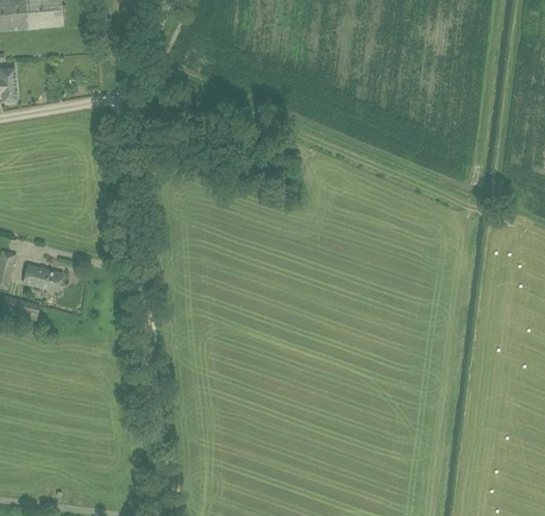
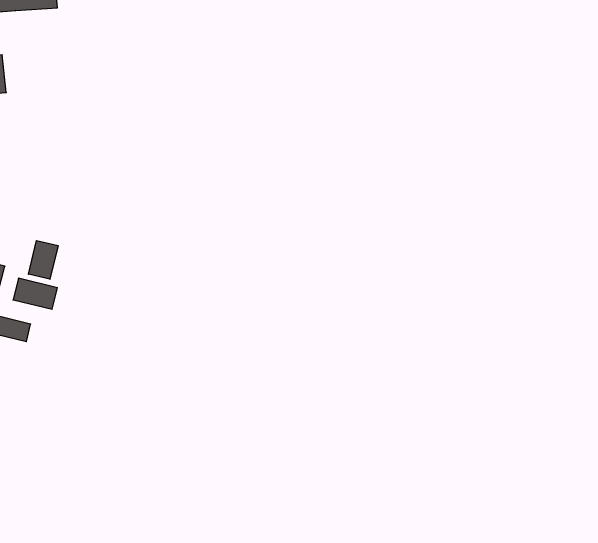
building: none -> [28,241,58,279]

